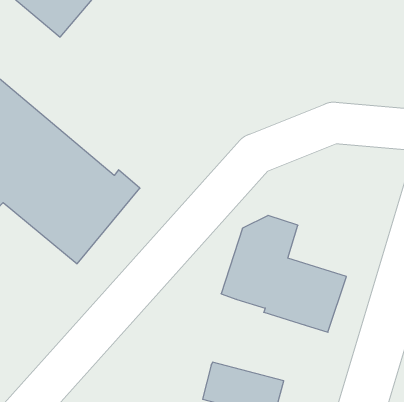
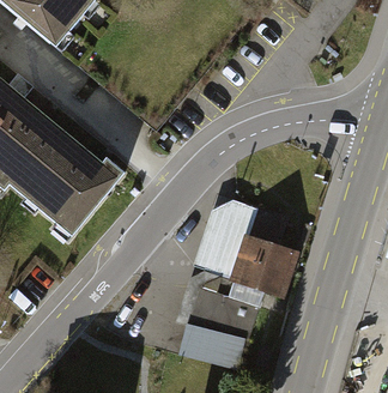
building: none -> [175,267,265,337]

